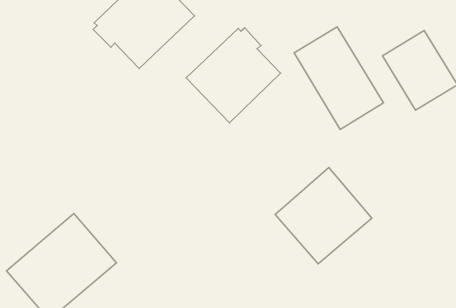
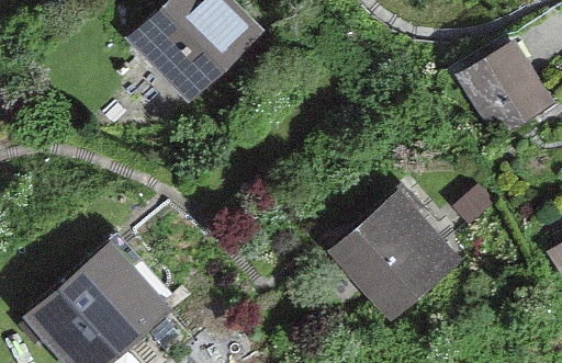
building: [294,27,383,130] -> none
building: [186,28,281,123] -> none

